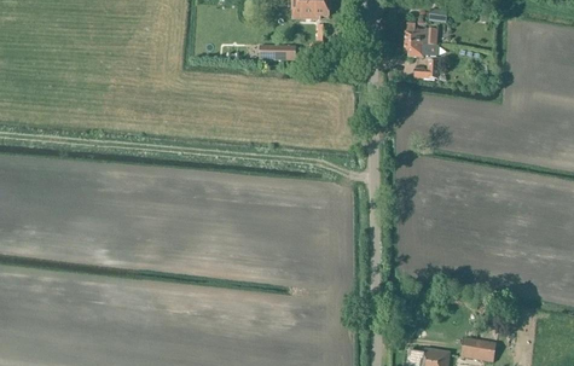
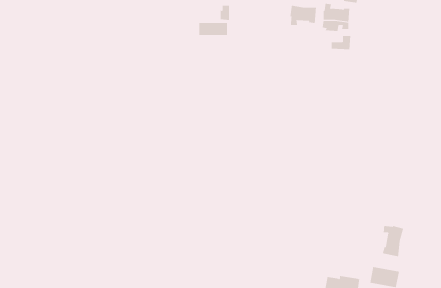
building: none -> [290,5,317,26]
building: none -> [382,225,404,257]

